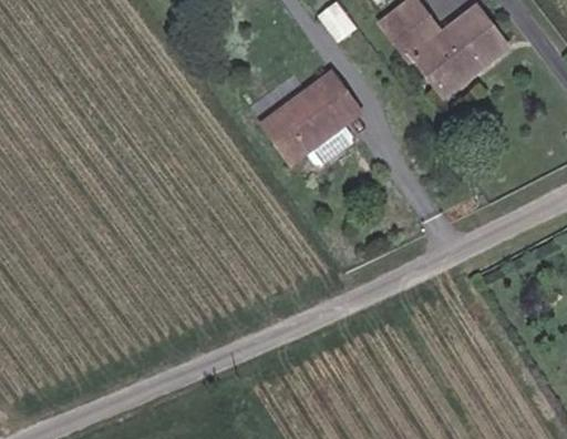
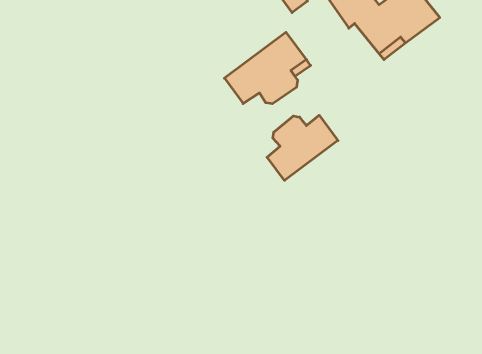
building: none -> [267,115,338,180]

